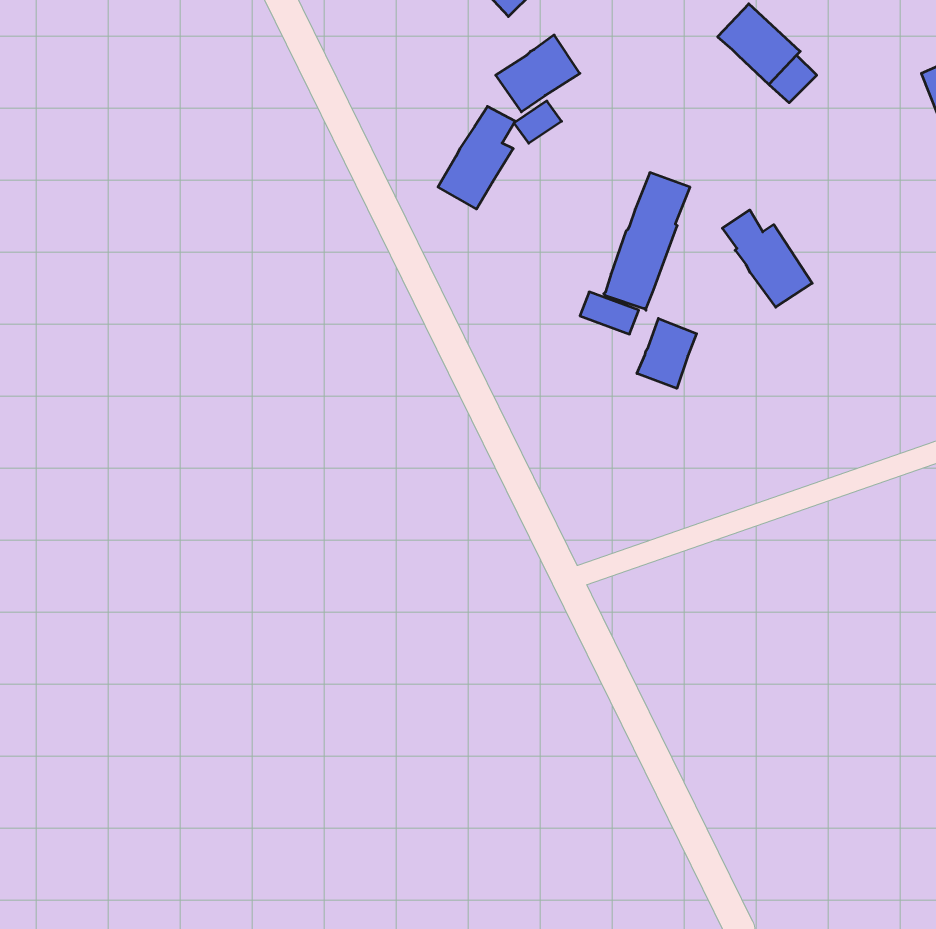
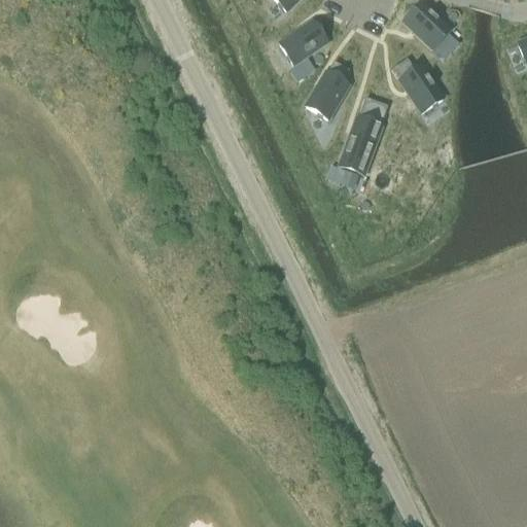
building: [438,106,515,209] -> [306,60,349,117]
building: [722,210,812,307] -> [392,57,443,111]
building: [637,318,697,388] -> none

